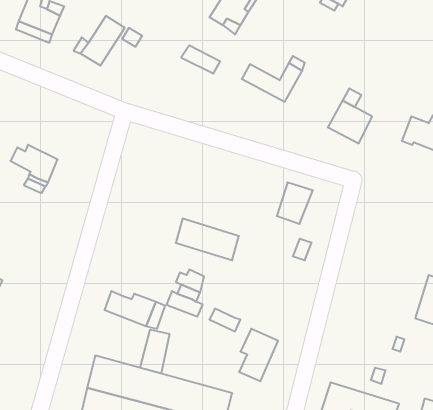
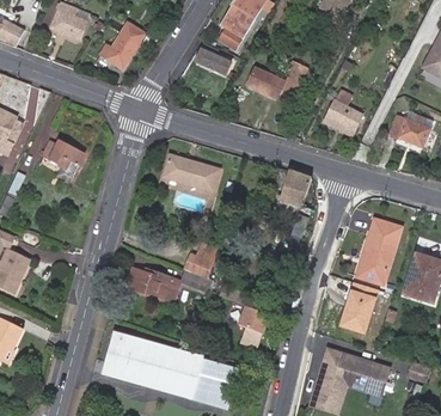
building: [176,219,239,260] -> [164,154,220,191]
building: none -> [354,215,400,285]
building: none -> [339,288,378,332]
building: [140,330,169,373] -> none

